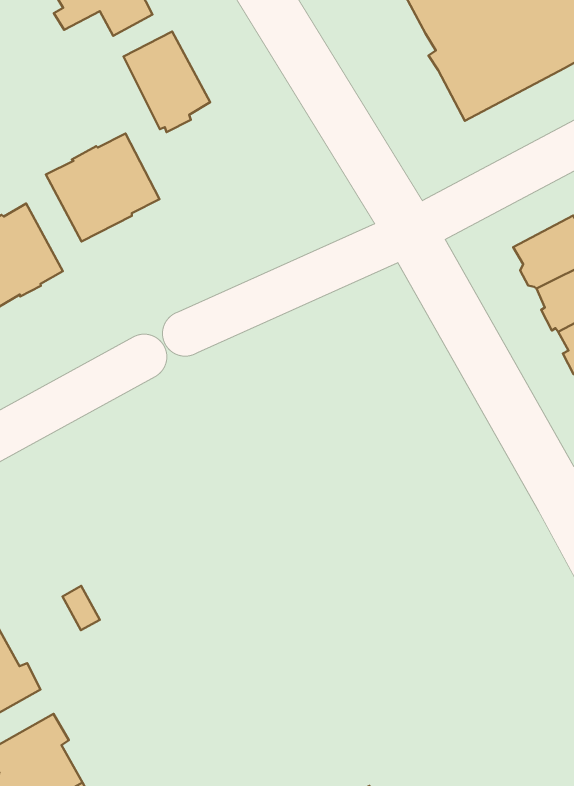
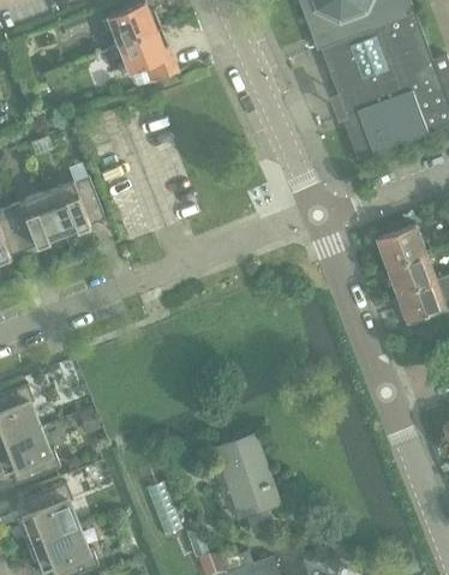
building: [123,31,210,132] -> none
building: [46,134,159,241] -> none
building: none -> [215,433,279,519]

